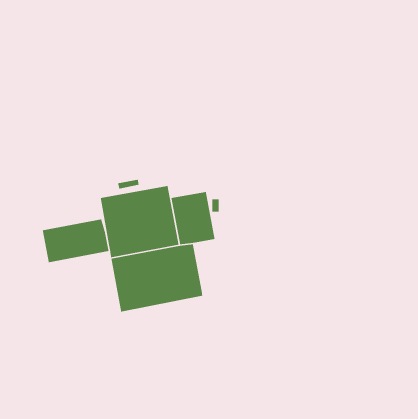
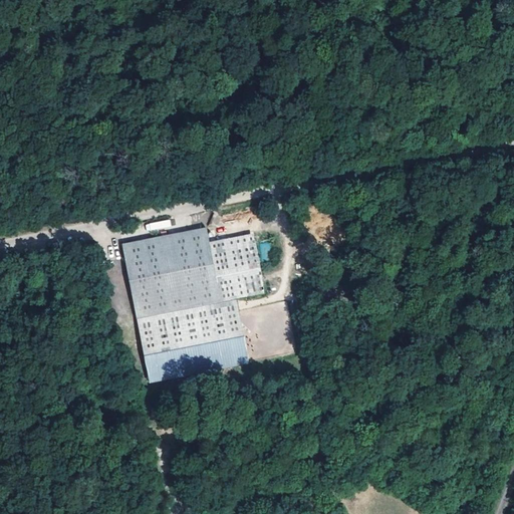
building: [42,218,109,263] -> none

